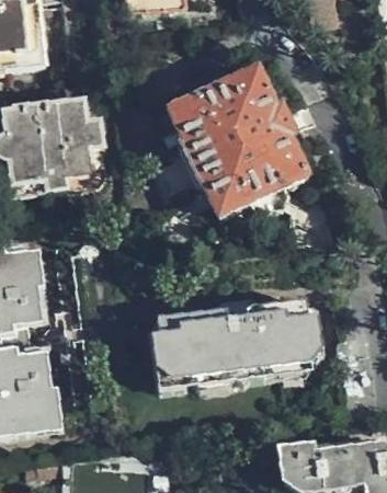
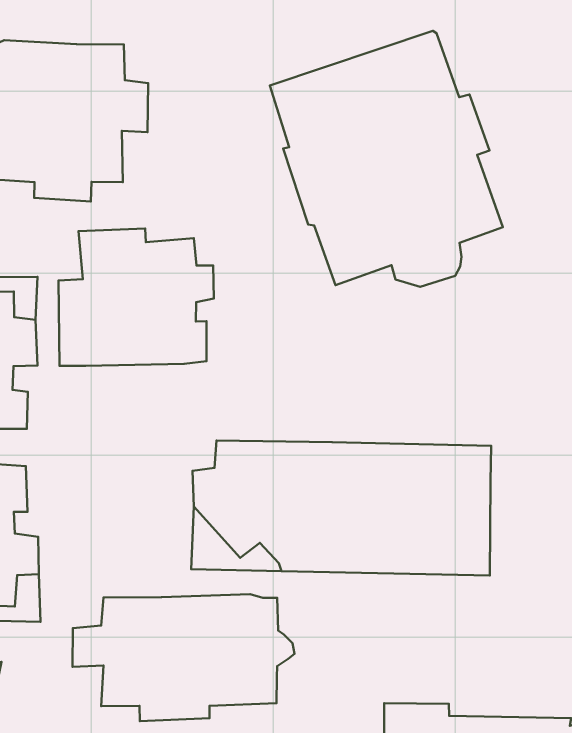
building: none -> [59,228,214,366]
building: none -> [72,594,294,721]

